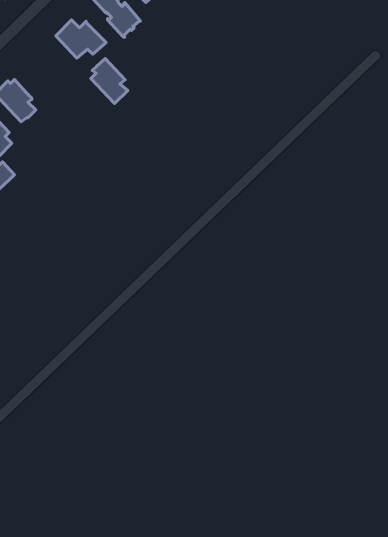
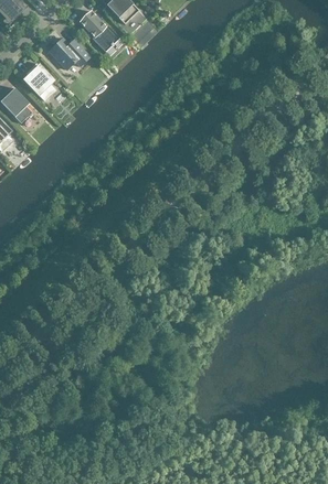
building: [91,59,128,104] -> [24,63,55,100]

